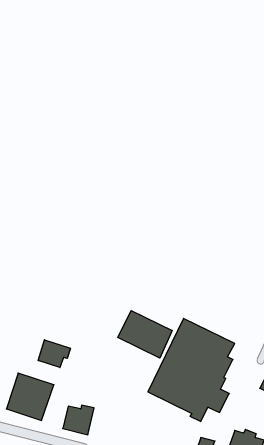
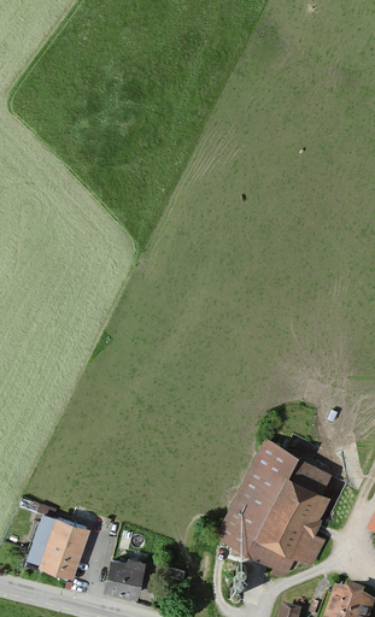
building: [118,311,172,358] -> none
building: [38,340,71,368] -> none

